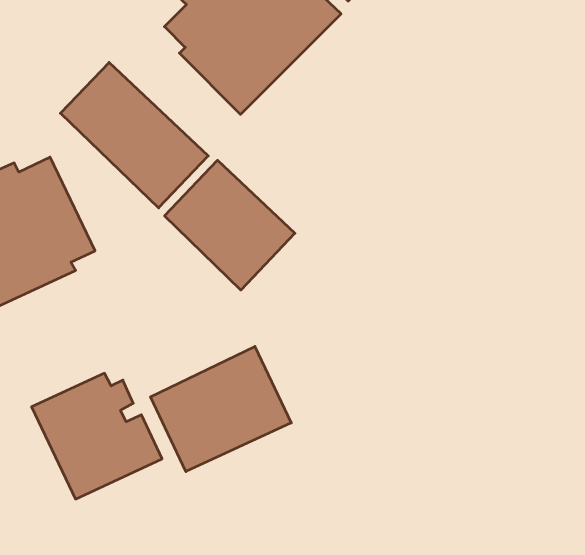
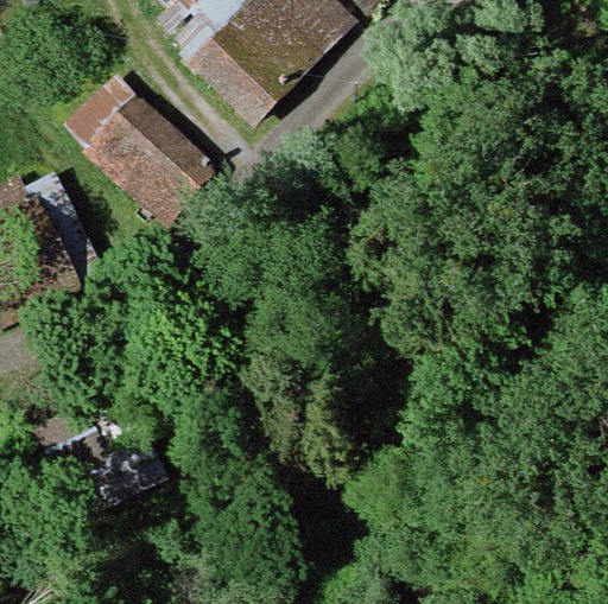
building: [165,160,295,290] -> none
building: [151,346,291,472] -> none

